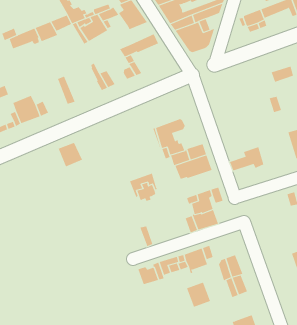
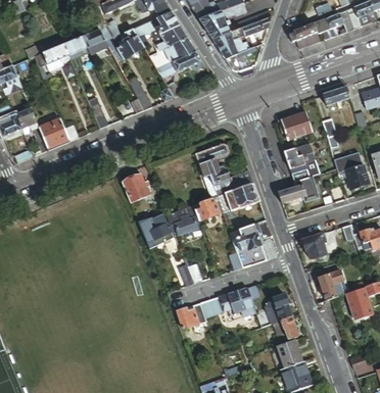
building: none -> [163,37,195,61]
building: none -> [279,110,312,137]
building: none -> [284,142,314,180]
building: [58,142,83,167] -> [123,174,150,201]
building: none -> [193,195,224,219]
building: none -> [138,212,175,247]
building: none -> [301,232,327,258]
building: none -> [318,268,343,298]
building: [186,282,211,308] -> [276,338,303,366]

